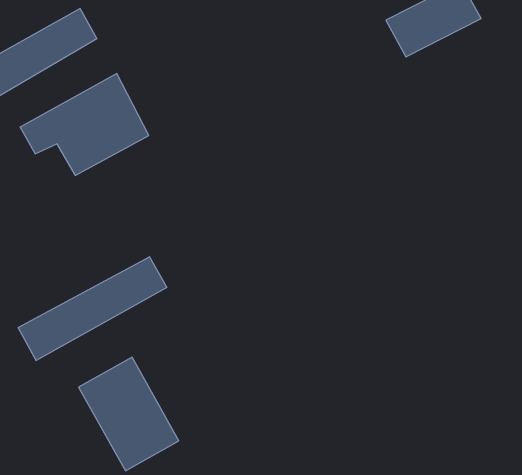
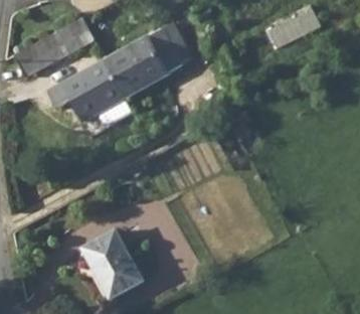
building: none -> [104,23,190,97]
building: [18,257,167,361] -> none

